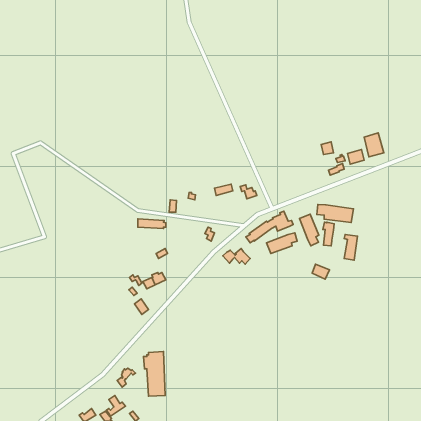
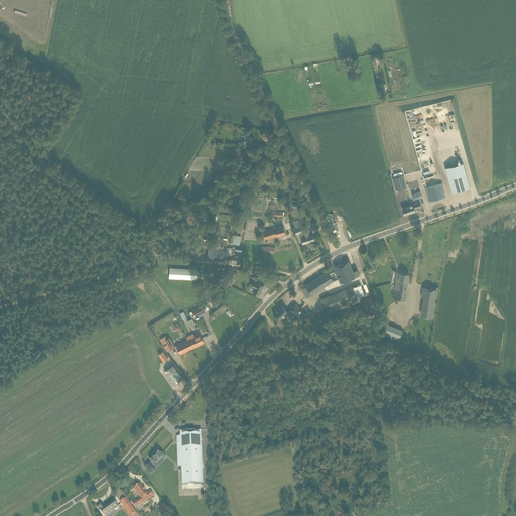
building: [317,204,353,222] -> none
building: [299,214,319,246] -> none

